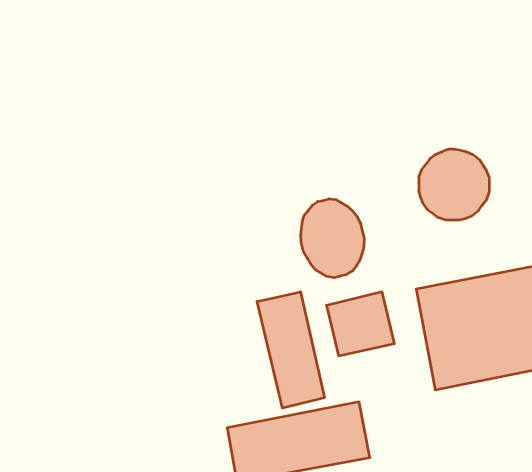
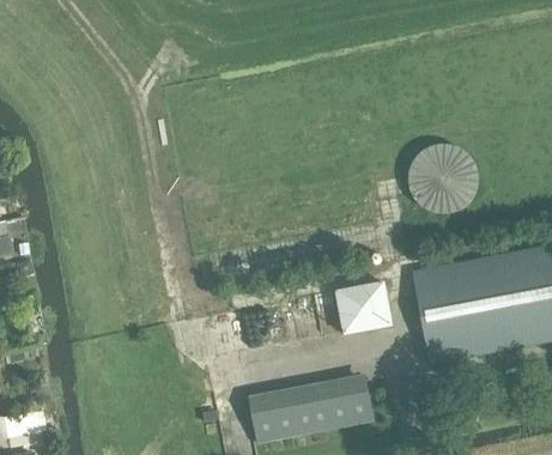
building: [301,199,364,278] -> none
building: [257,292,324,408] -> none

